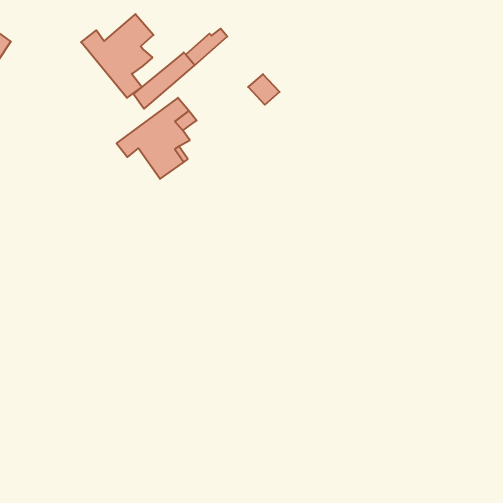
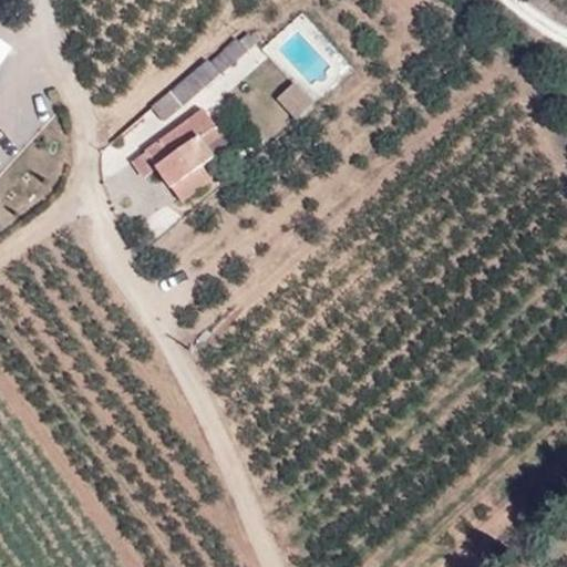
building: [81,14,154,98] -> none

